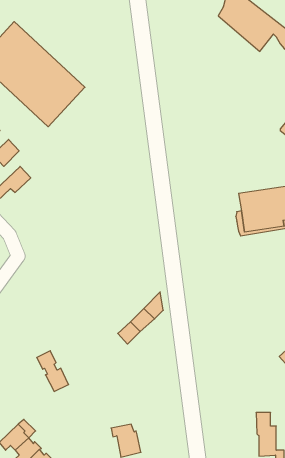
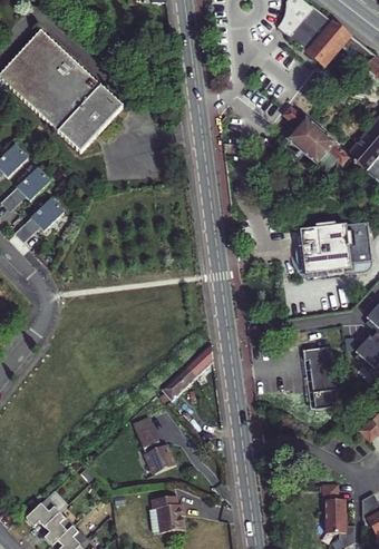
building: none -> [282,106,349,173]
building: none -> [304,346,341,409]
building: [37,351,69,391] -> [135,428,172,474]

